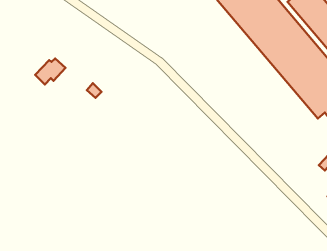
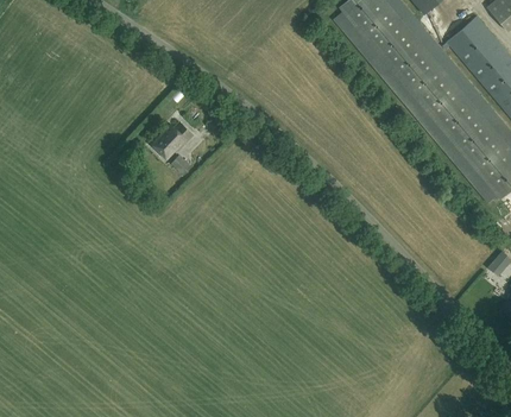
building: [35,58,65,84] -> [152,122,194,158]

